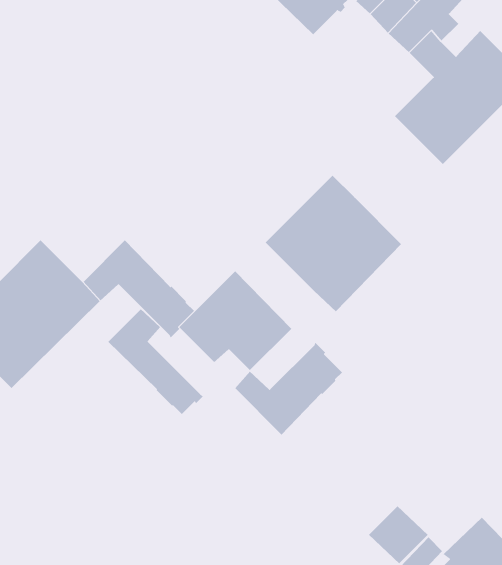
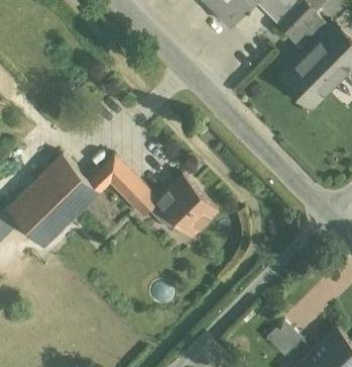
building: [265,175,402,312] -> none
building: [107,308,204,415] -> none
building: [234,342,343,435] -> none

